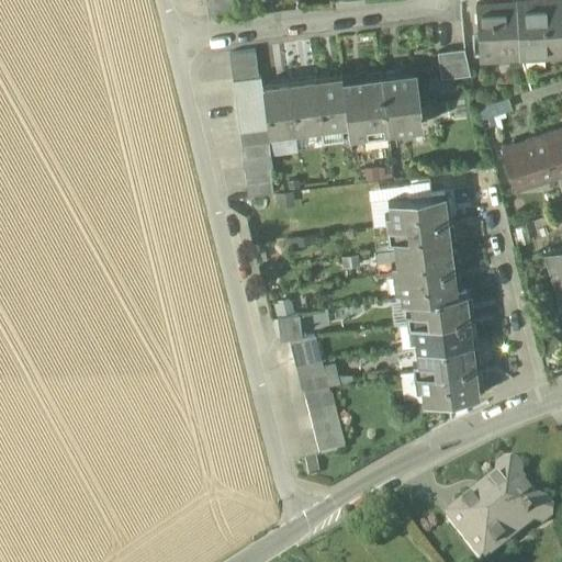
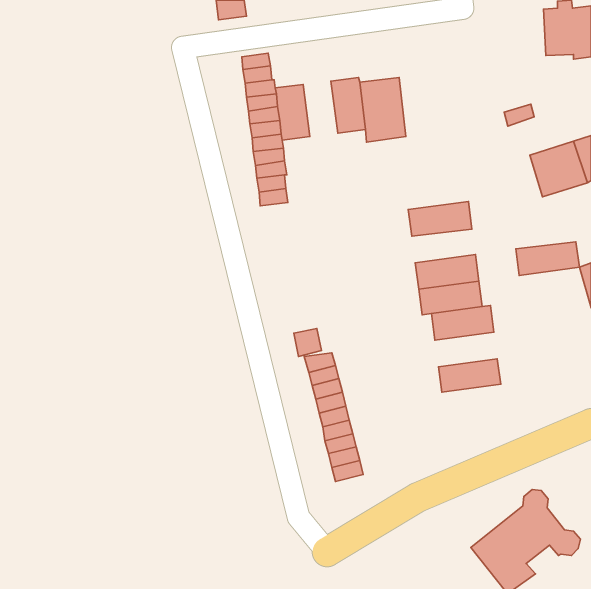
building: [476,11,518,61] -> none
building: [437,52,470,80] -> none
building: [379,70,425,132] -> none
building: [288,79,321,132] -> none
building: [391,220,451,251] -> [516,242,579,275]
building: [413,317,472,350] -> none
building: [419,367,479,402] -> none

